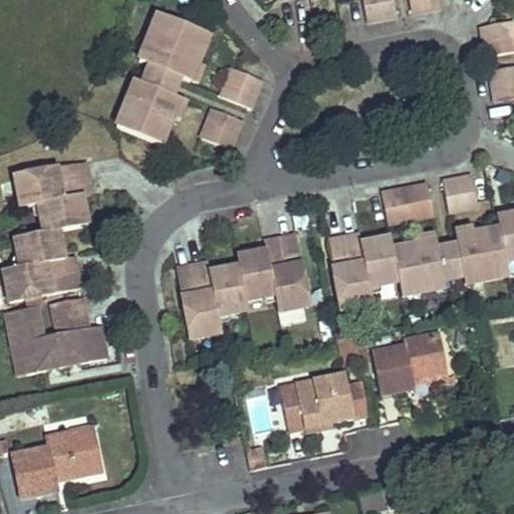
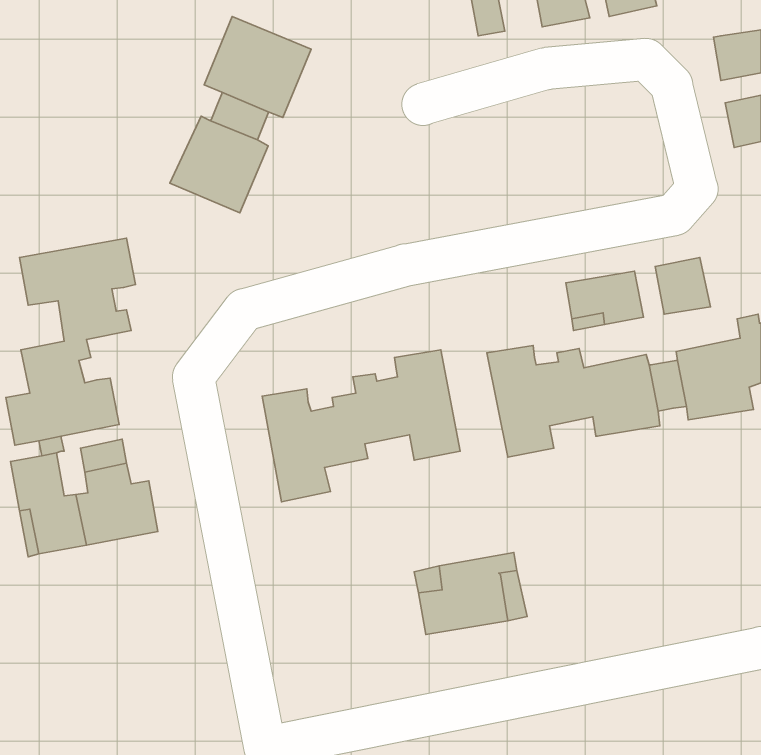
building: [221,66,262,107] -> none
building: [200,106,242,148] -> none
building: [372,331,448,393] -> none
building: [10,427,101,497] -> none

